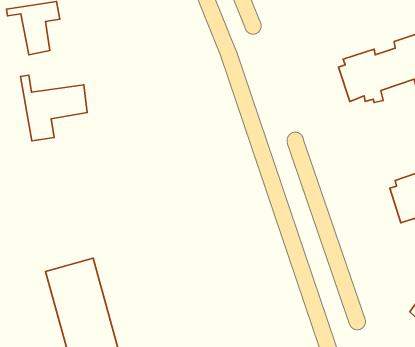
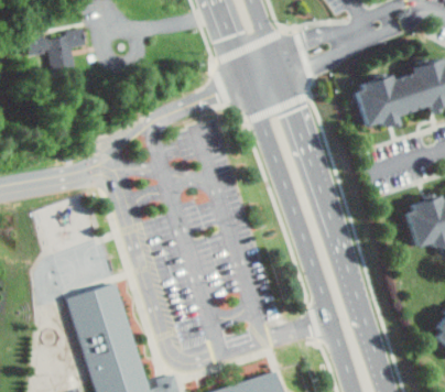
building: [20,75,87,141] -> none

